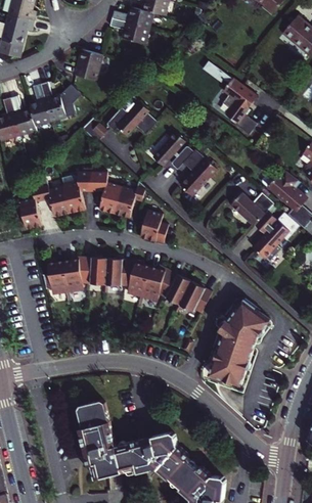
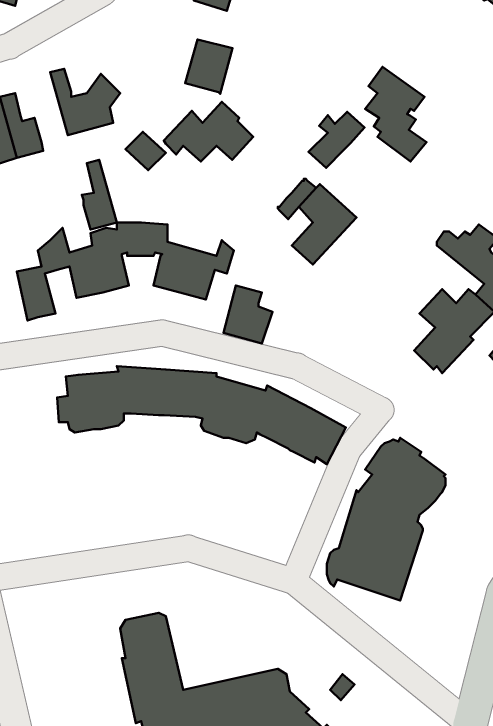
building: [71,50,98,82] -> [185,40,233,94]
building: [28,84,48,125] -> [82,160,117,230]
building: [152,133,185,166] -> [309,112,365,168]
building: [230,192,274,226] -> none

